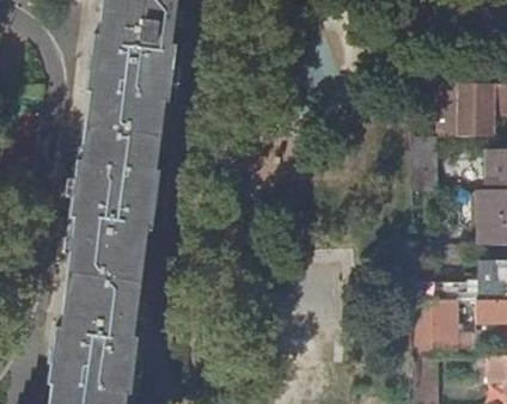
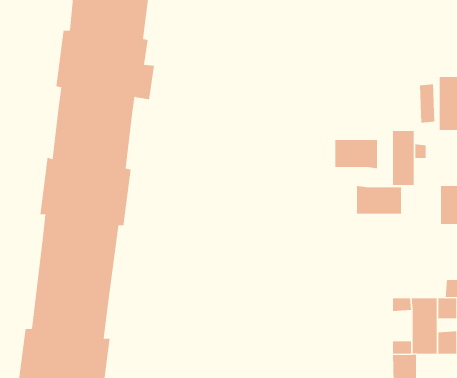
building: none -> [335,139,377,169]
building: none -> [356,185,401,215]

